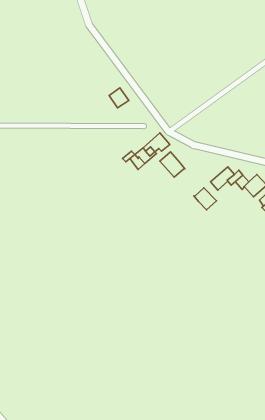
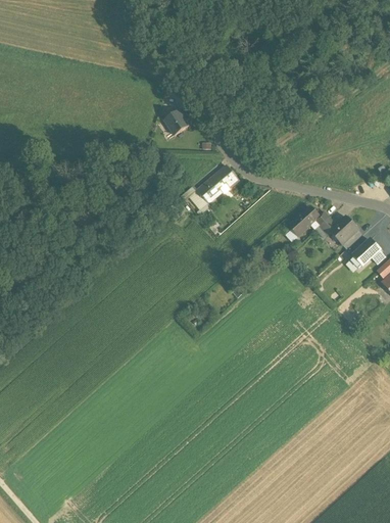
building: [160,152,185,177] -> none
building: [194,188,216,210] -> none

